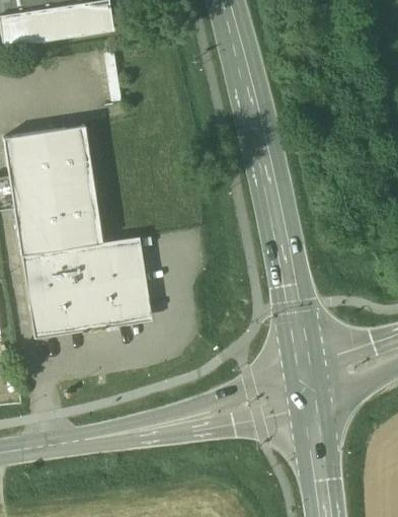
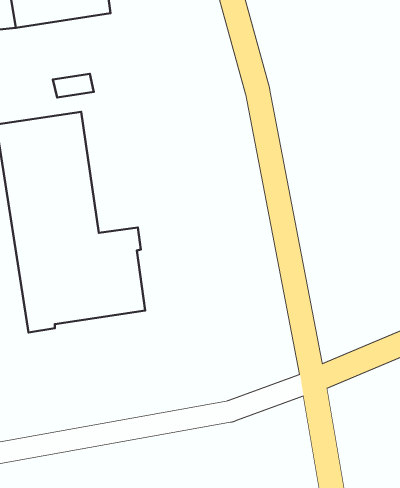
building: none -> [53,74,94,97]

